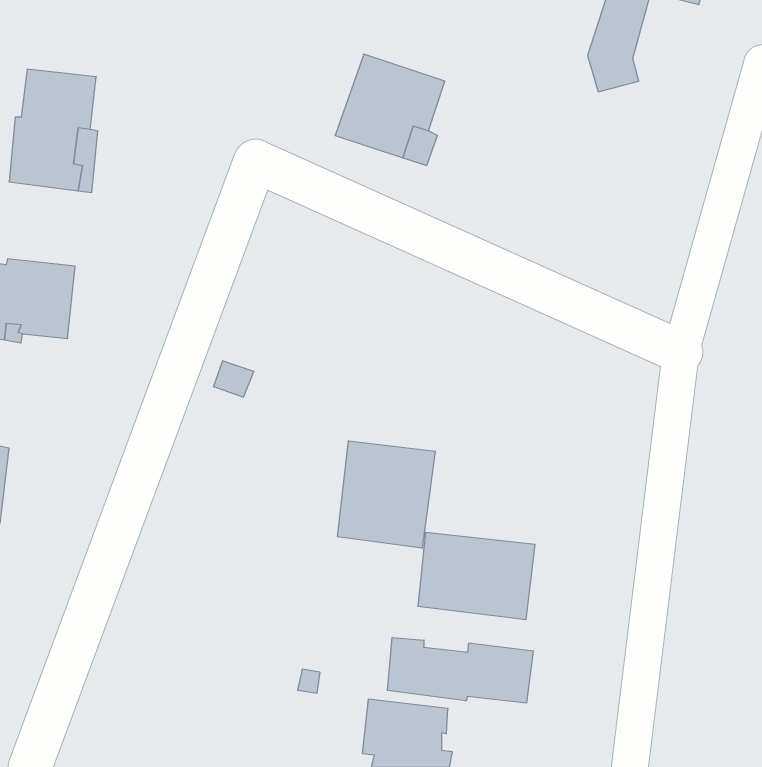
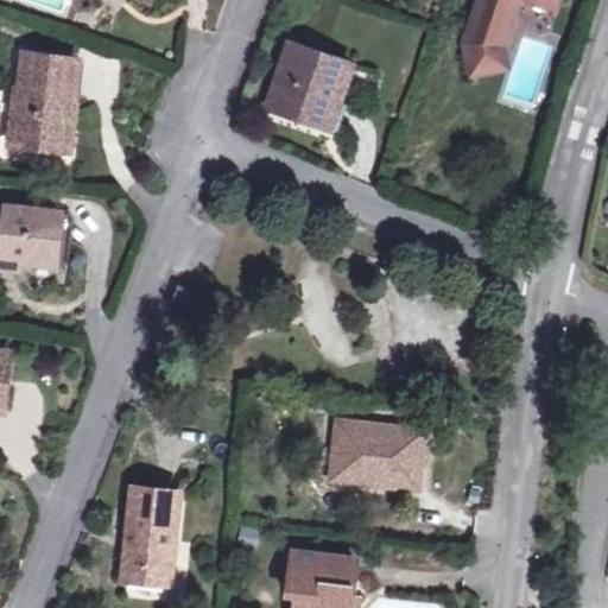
building: [338,441,435,548] -> none
building: none -> [121,487,177,582]
building: [387,638,533,703] -> none

